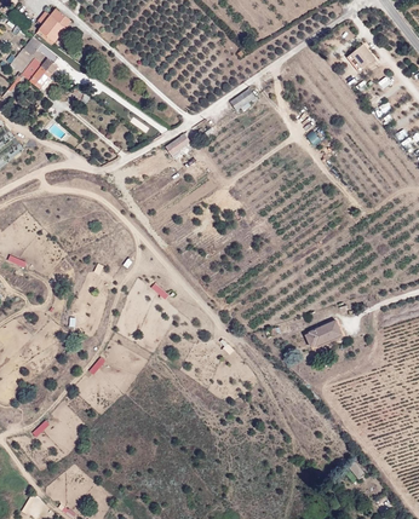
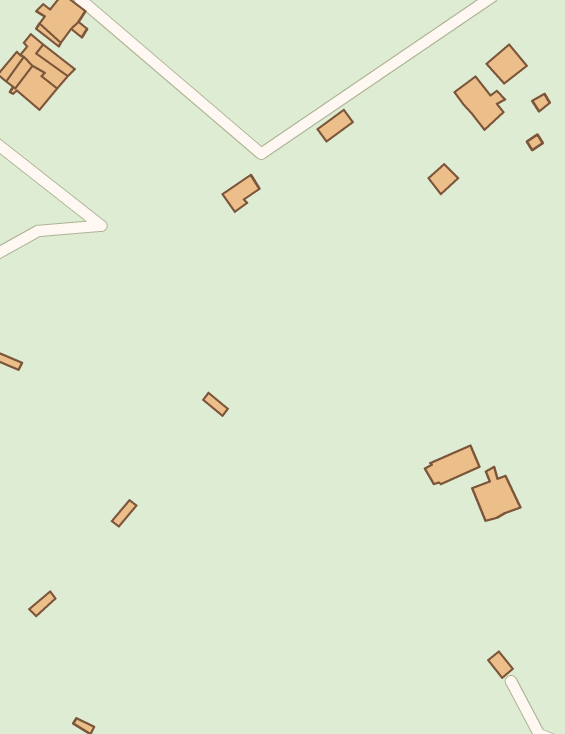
building: none -> [455,77,505,130]
building: none -> [472,467,520,521]

